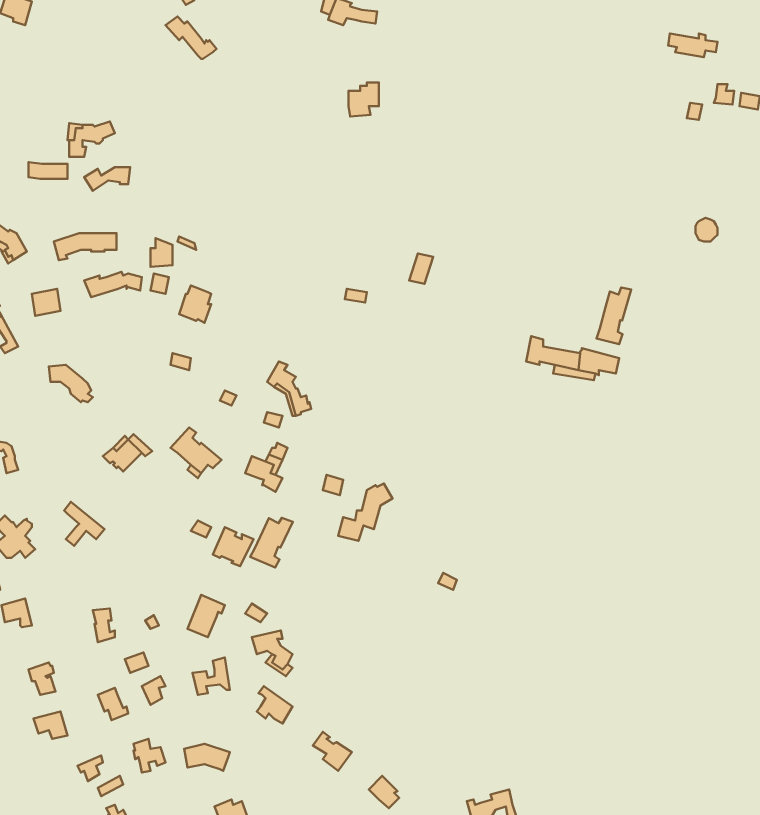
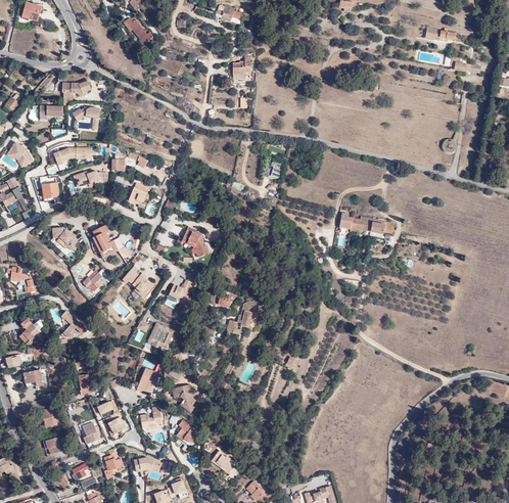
building: [596,288,631,344] -> none
building: none -> [93,227,120,260]
building: [250,518,293,568] -> none

